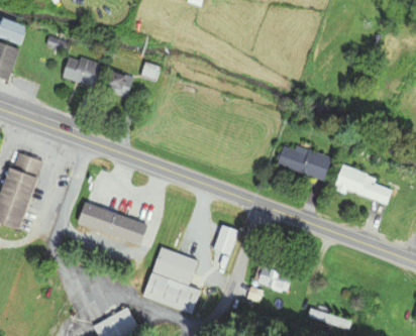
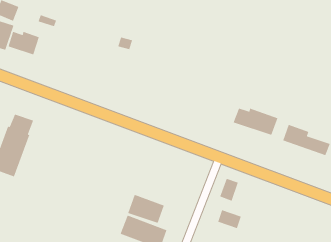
building: [63,57,101,86] -> [7,31,40,55]
building: [105,71,132,96] -> none
building: [78,202,146,244] -> none
building: [214,225,237,253] -> [219,178,239,202]

